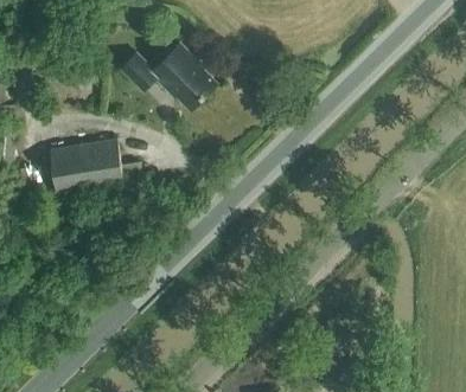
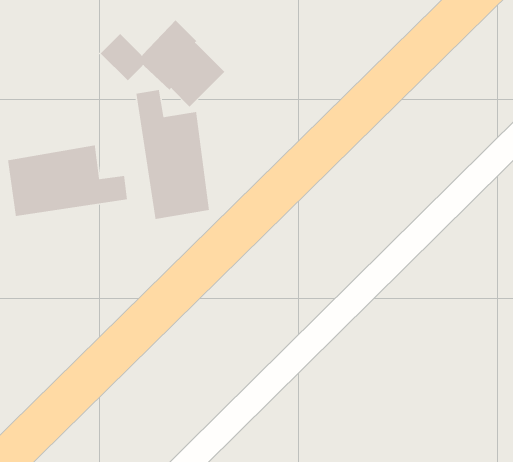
building: none -> [136,89,210,220]

